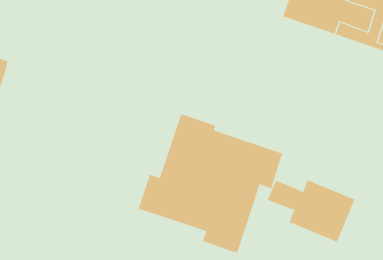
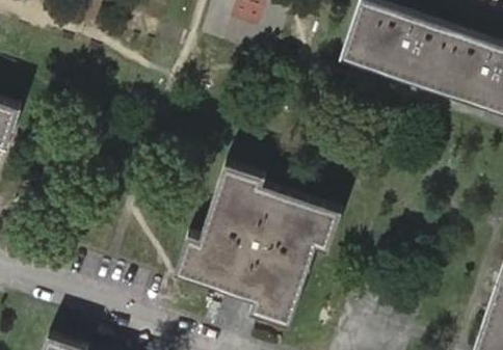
building: [267,180,355,243] -> none

